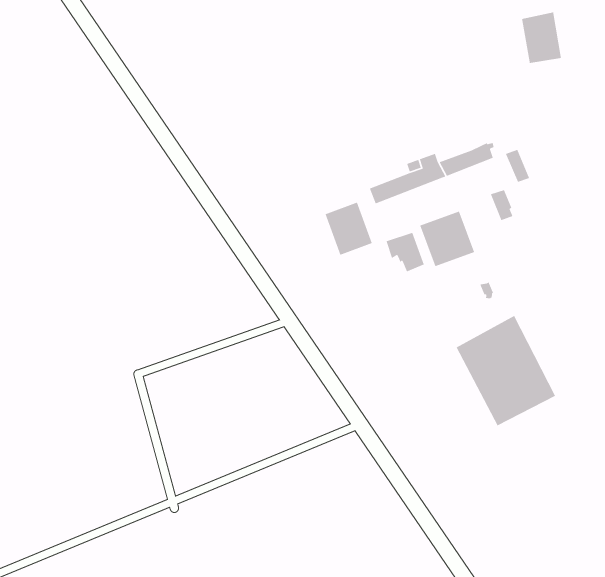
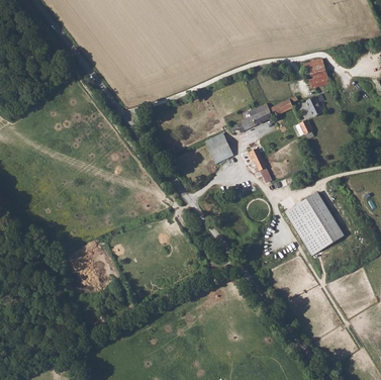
building: [521,12,562,64] -> [306,58,330,88]
building: [419,211,475,267] -> none

